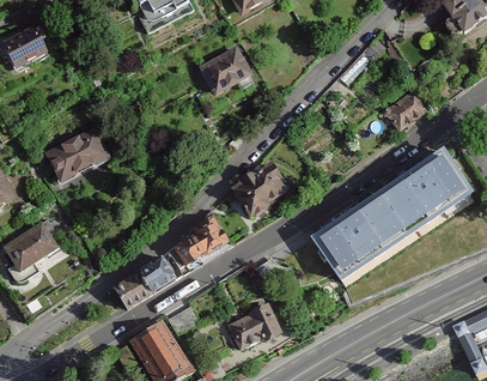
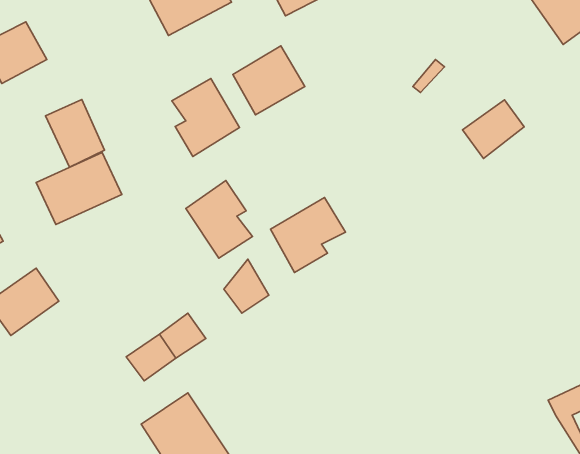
building: none -> [172,79,240,156]
building: none -> [46,99,105,167]
building: none -> [186,180,252,258]
building: [313,151,469,276] -> none
building: [164,235,207,274] -> none
building: [229,303,284,349] -> none

